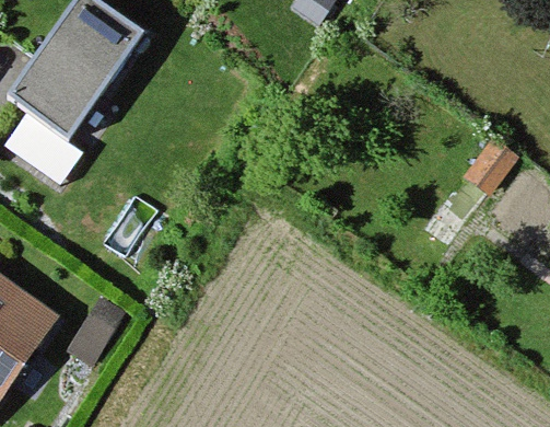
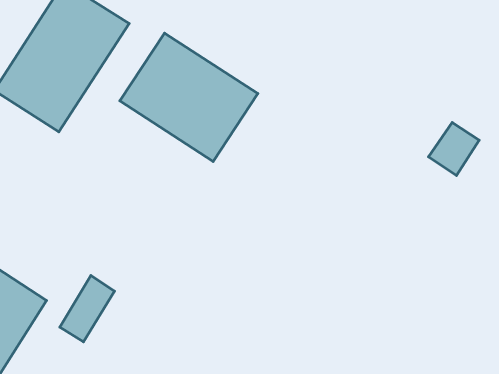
building: none -> [120,33,258,161]

